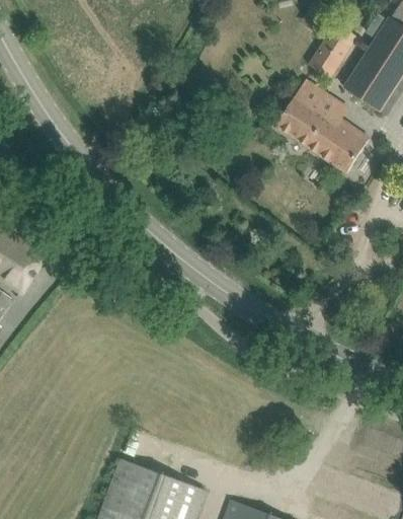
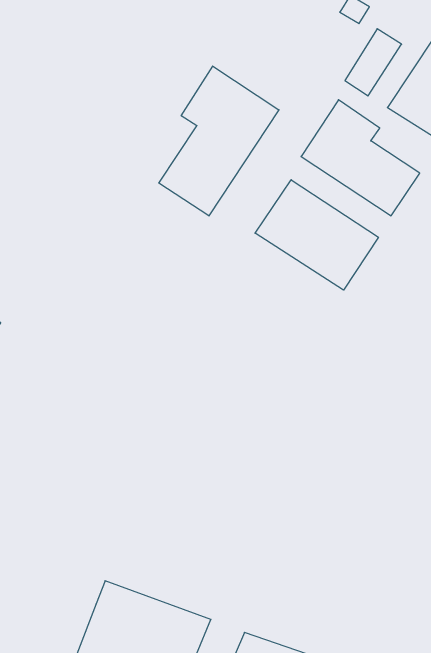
building: none -> [159,66,279,216]
building: none -> [255,180,378,290]

